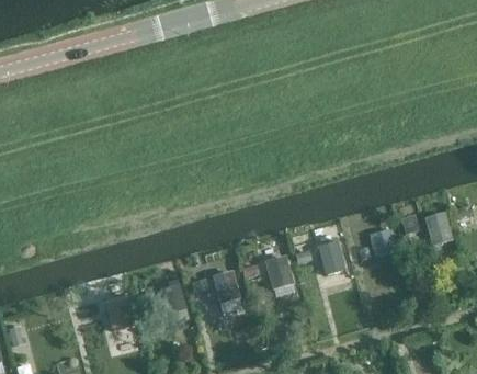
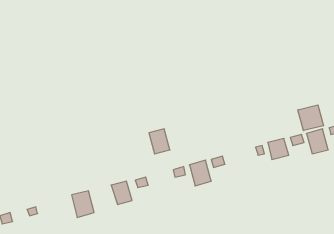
building: none -> [298,105,324,131]
building: [317,242,345,274] -> none
building: [212,270,240,304] -> [149,129,170,154]

